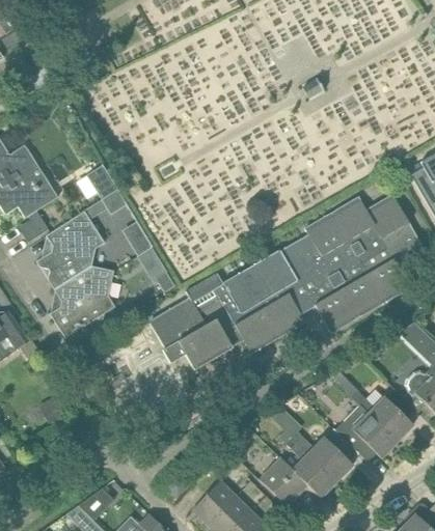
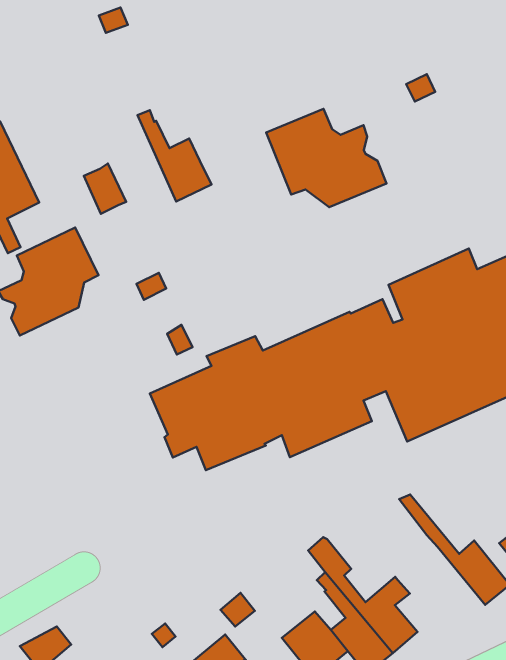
building: none -> [266,109,387,207]
building: none -> [137,110,211,202]
building: [49,267,114,338] -> none
building: [334,404,397,462] -> none

